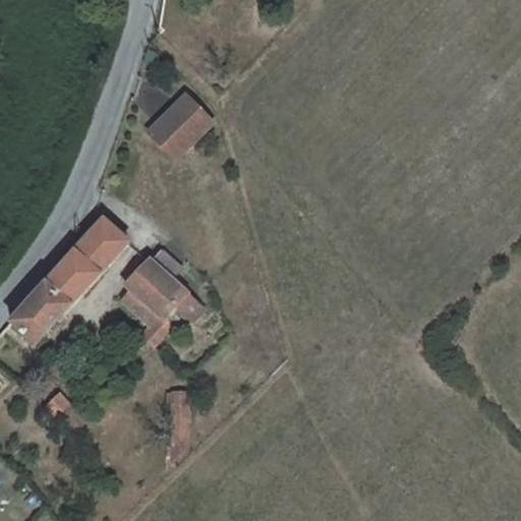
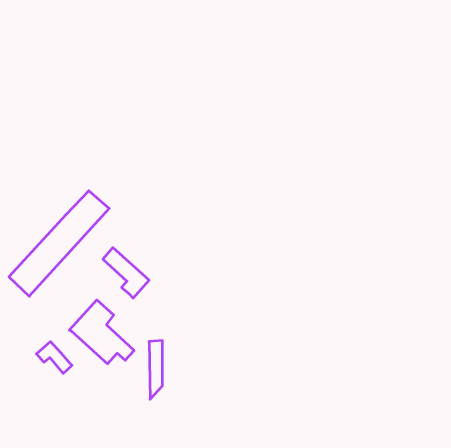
building: [148,94,212,157] -> none
building: [127,248,201,322] -> [69,300,134,364]

